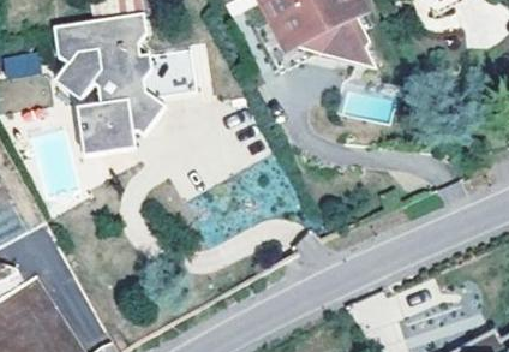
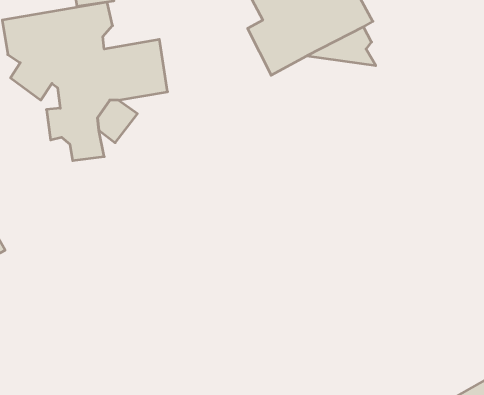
building: [76,101,136,159] -> none

